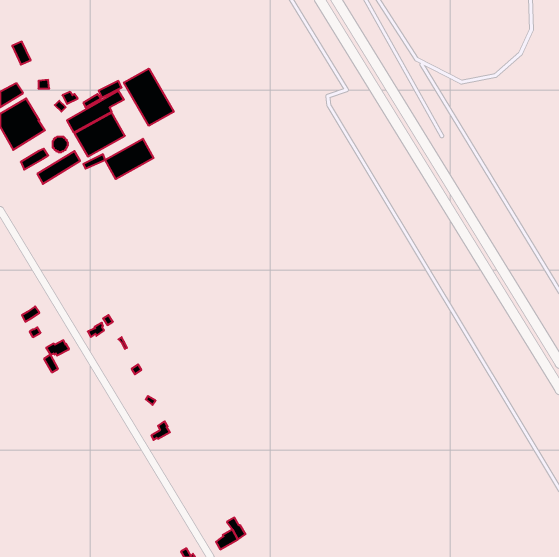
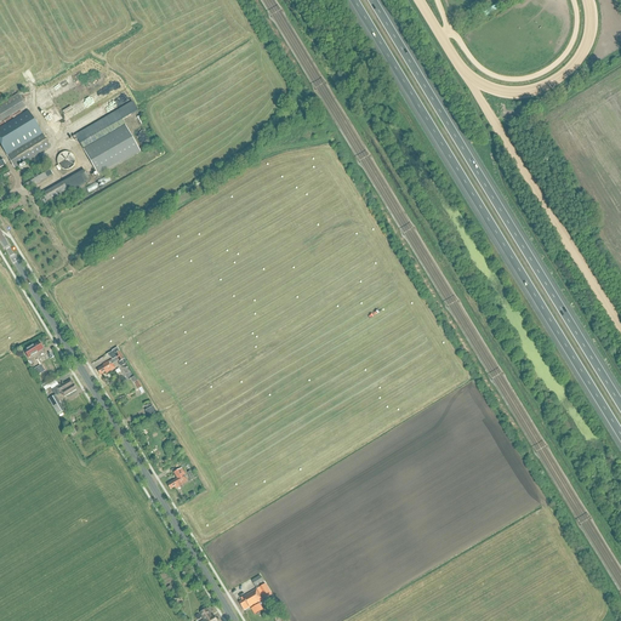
building: [124,69,174,126] -> none
building: [105,139,154,179] -> none

